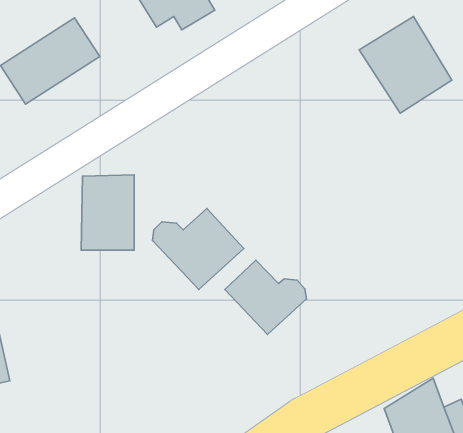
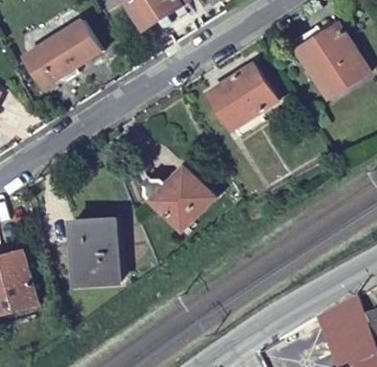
building: none -> [210,65,277,128]
building: [81,175,134,250] -> [68,214,108,271]
building: [225,260,307,335] -> none

